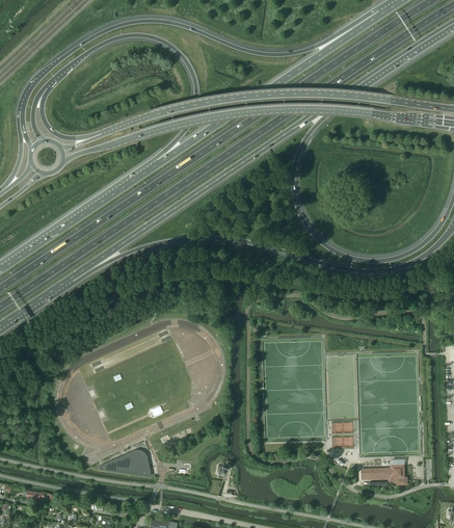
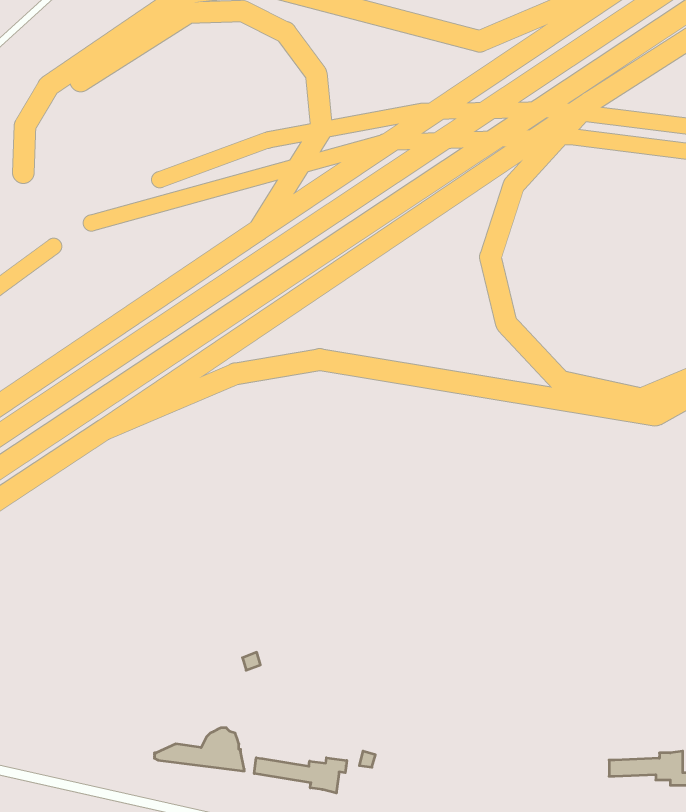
building: none -> [254,758,347,793]

